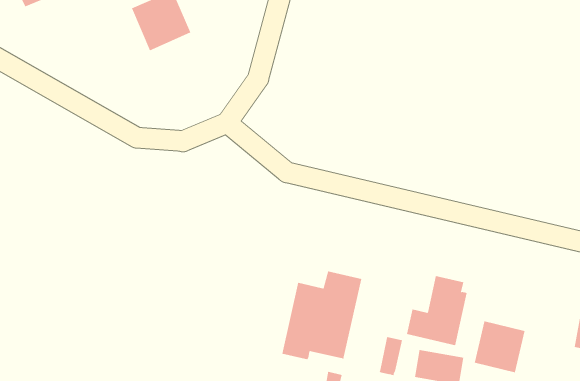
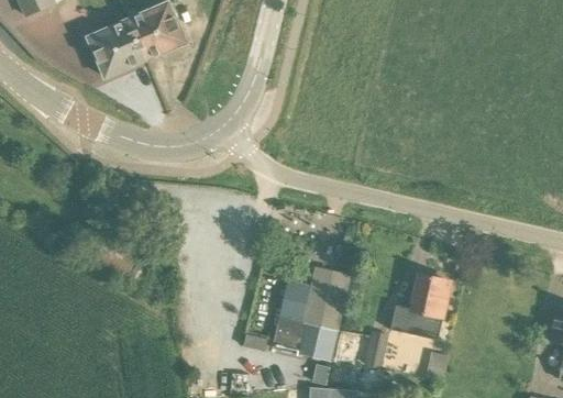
building: none -> [87,18,146,76]
building: [474,321,525,373] -> none

